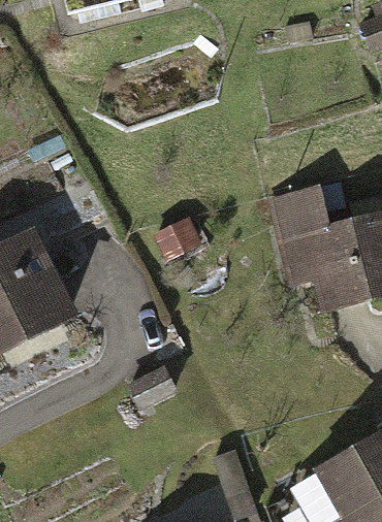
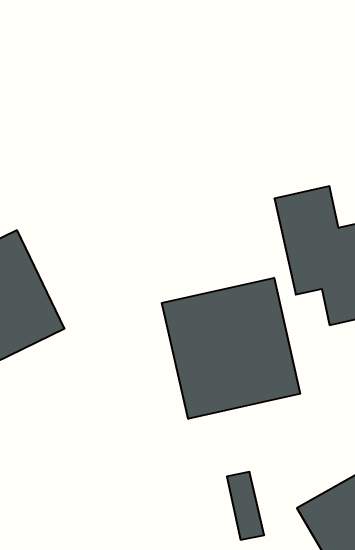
building: none -> [162,278,300,419]

